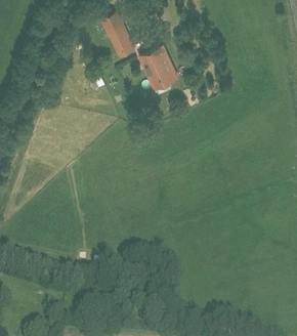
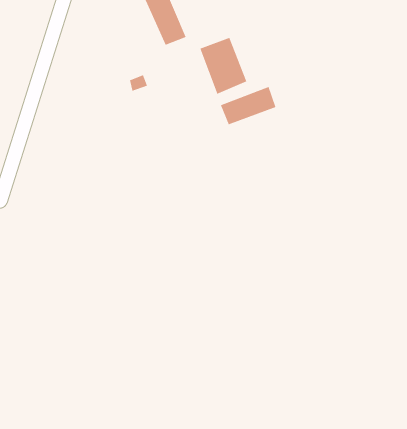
building: none -> [220,86,276,125]

